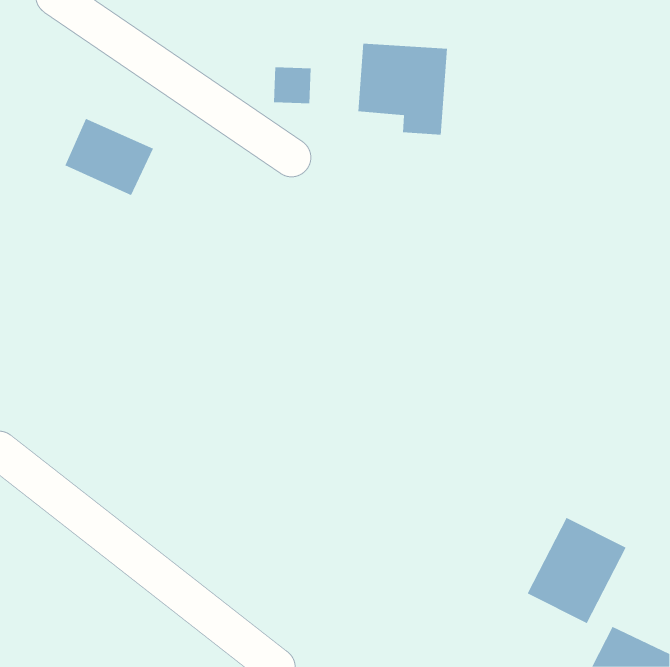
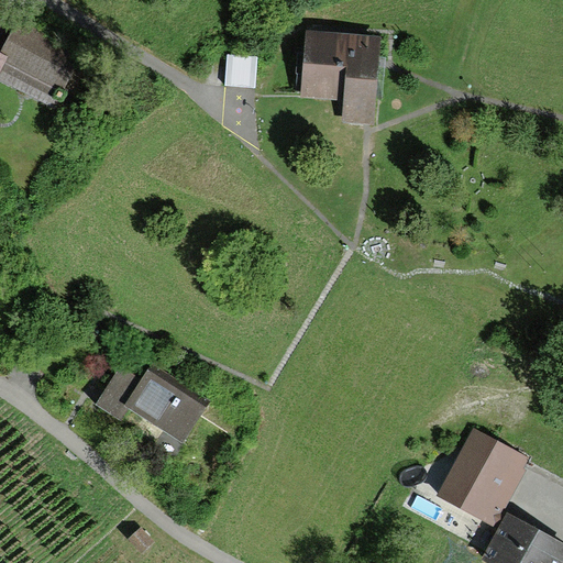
building: [64,118,154,196] -> [9,29,84,93]
building: none -> [96,363,202,442]

